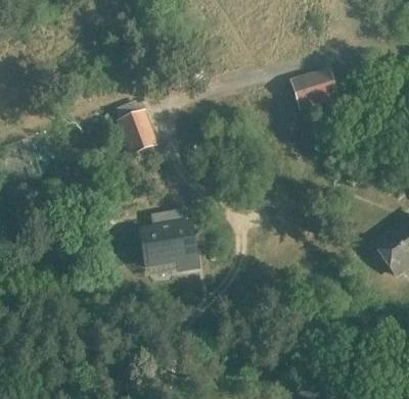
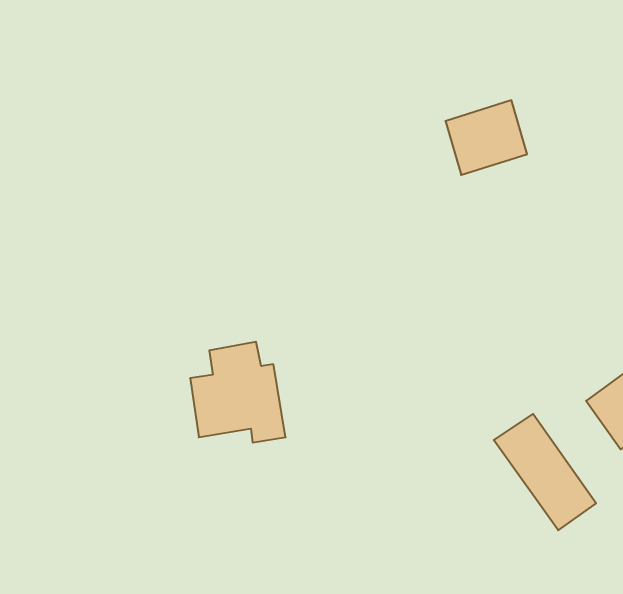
building: [120,112,155,153] -> none
building: none -> [494,414,596,530]

